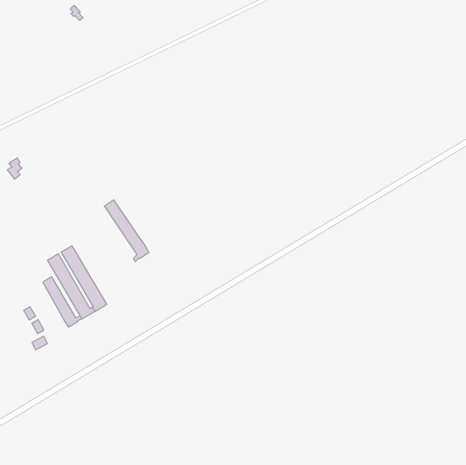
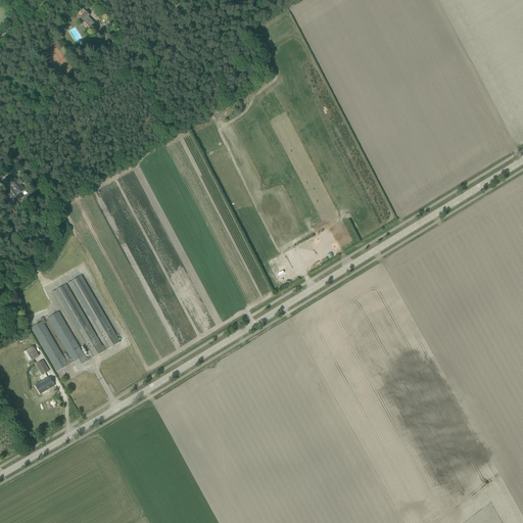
building: [105,200,149,262] -> none
building: none -> [31,319,73,370]

